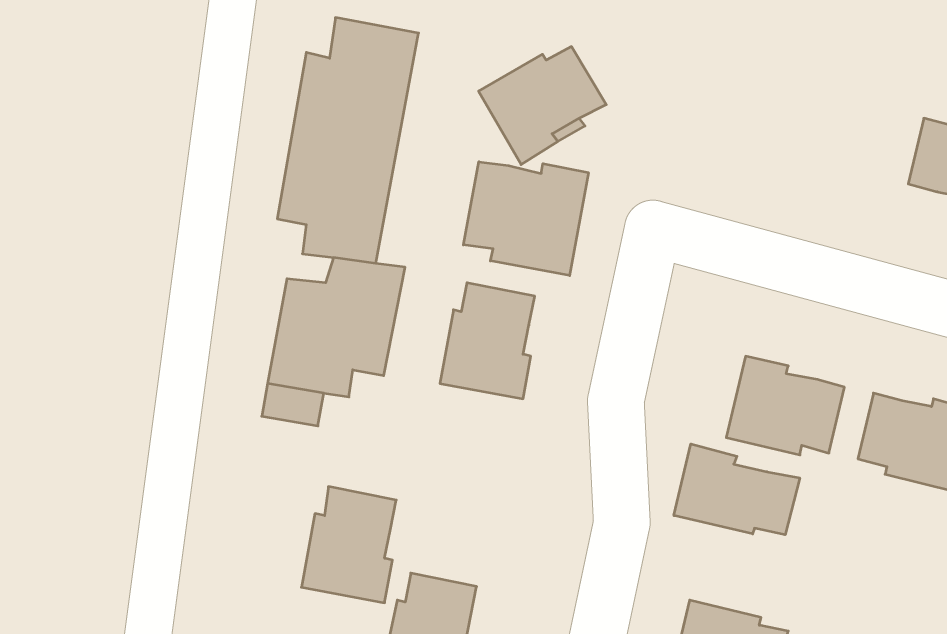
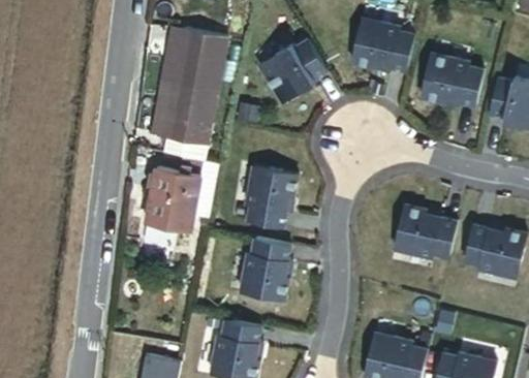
building: none -> [352,19,416,71]
building: none -> [423,53,486,104]
building: [463,162,588,276] -> none
building: [674,444,800,535] -> none
building: [301,487,396,603] -> [240,238,290,300]

